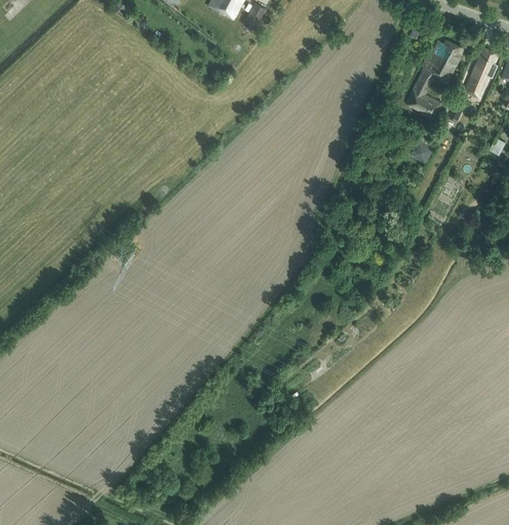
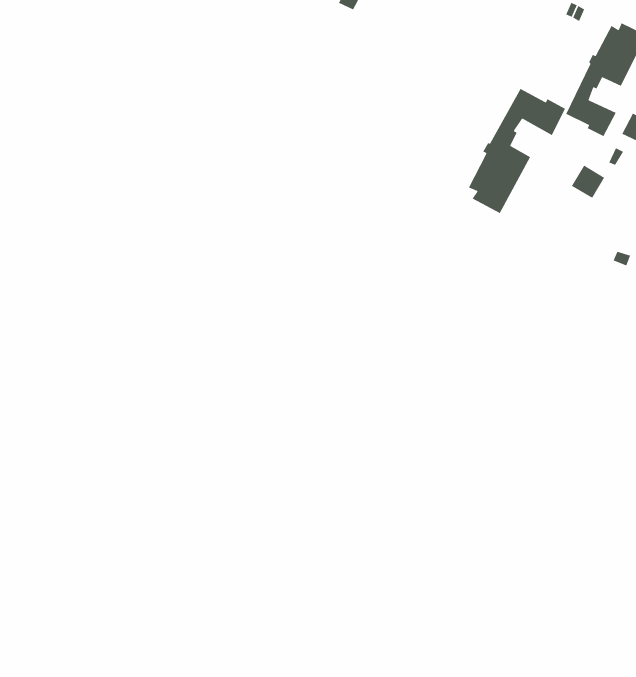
building: none -> [468,88,566,214]

